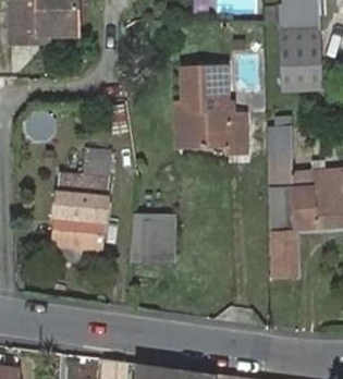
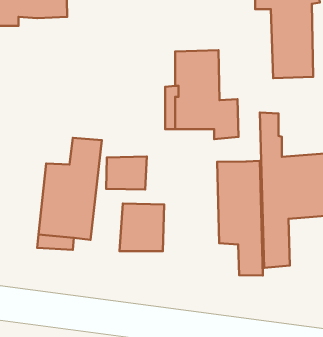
building: none -> [106,157,147,190]
building: none -> [217,161,263,276]

